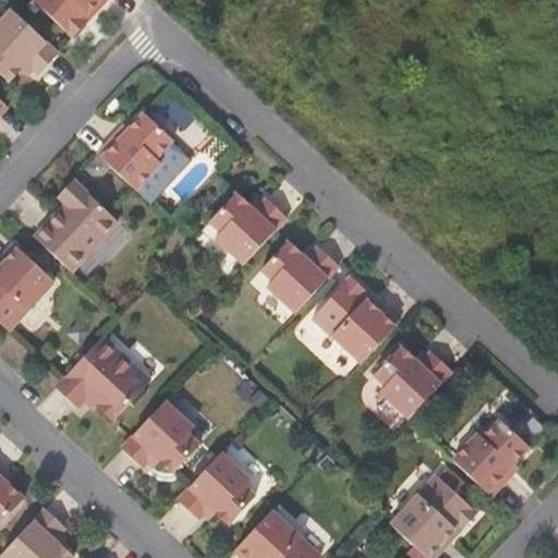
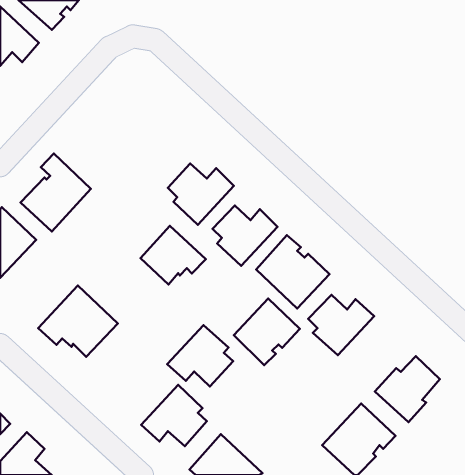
building: [98,113,173,191] -> none
building: none -> [140,226,206,284]
building: none -> [234,299,300,365]
building: [121,400,198,472] -> [167,325,233,386]

